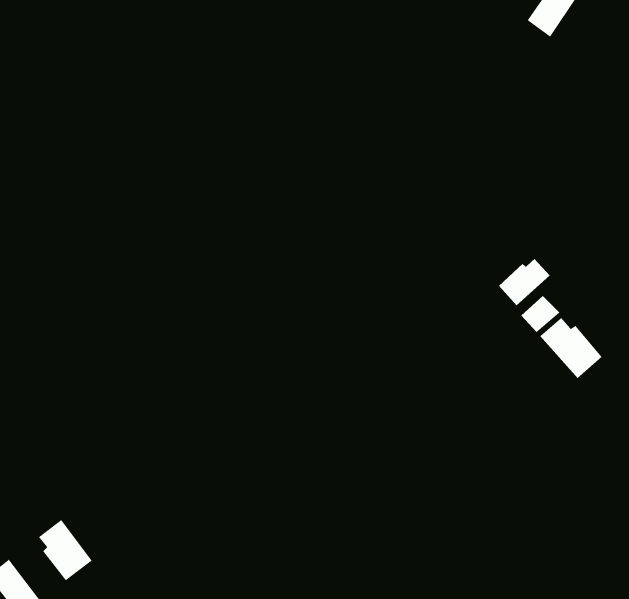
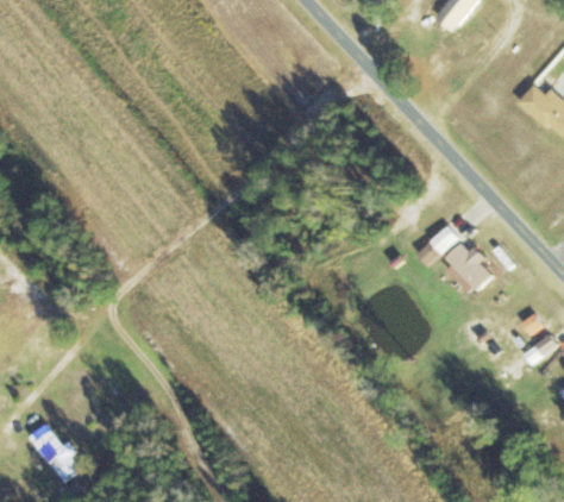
building: [498,258,551,306] -> none
building: [38,519,92,581] -> none

